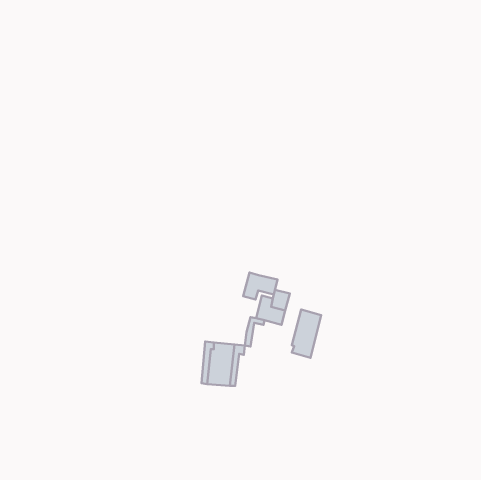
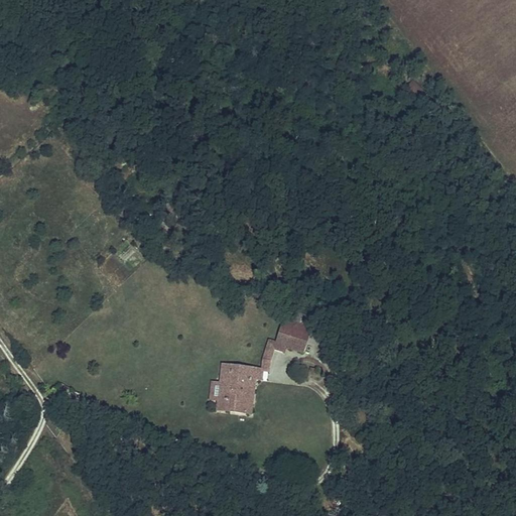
building: [243,272,277,299] -> none
building: [292,309,321,358] -> none

